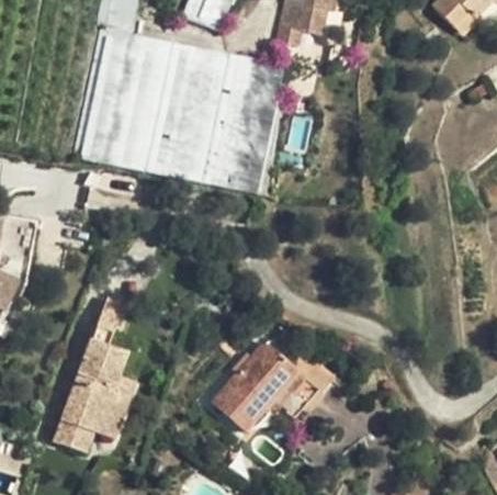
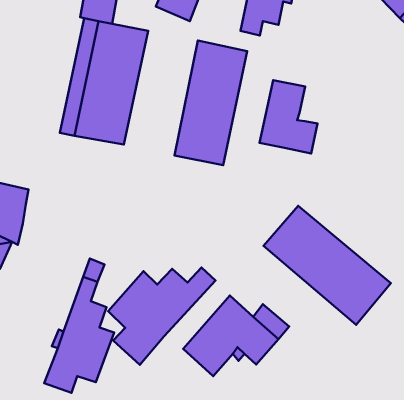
building: [145,42,228,182] -> none
building: none -> [260,80,317,153]
building: none -> [264,206,391,325]
building: none -> [108,267,215,365]

